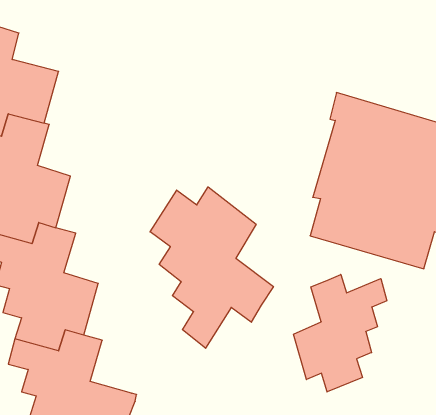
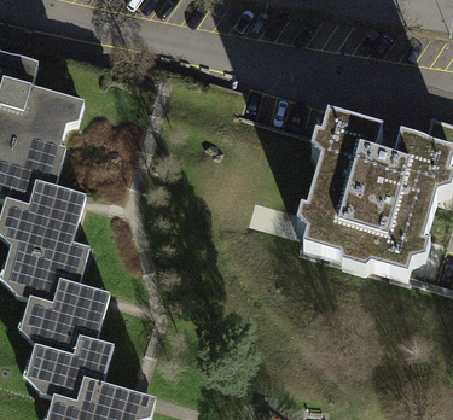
building: [150,187,273,348] -> none
building: [294,274,387,392] -> none

